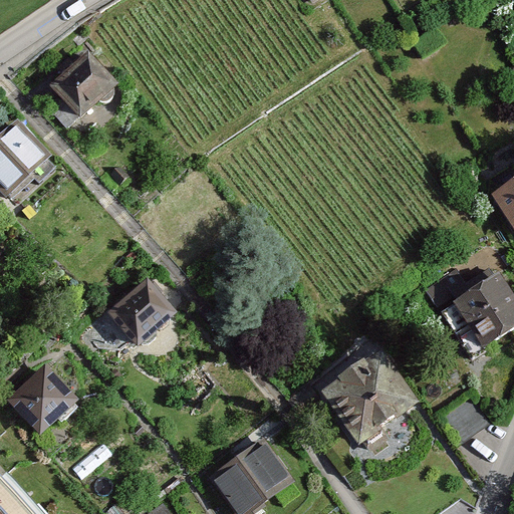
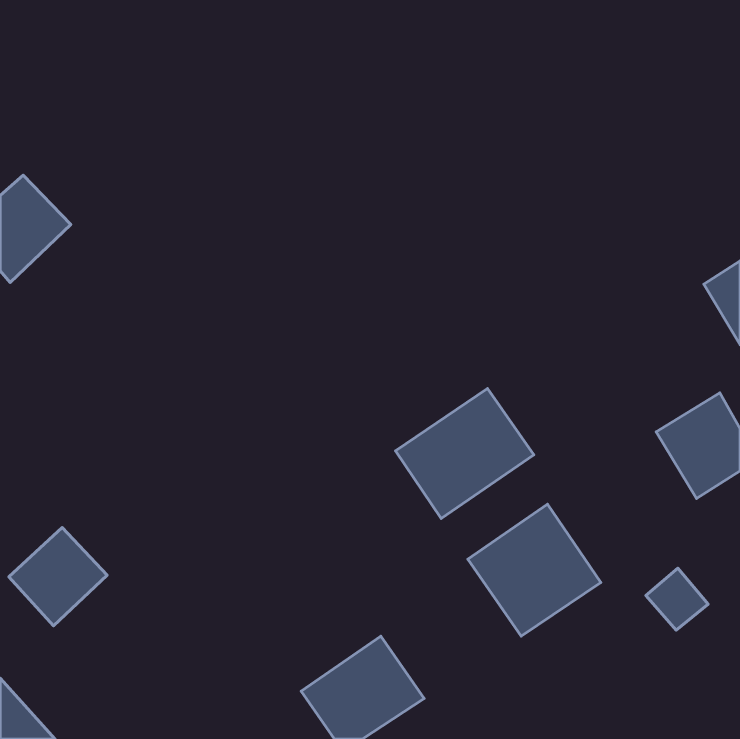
building: [49,49,114,113] -> none
building: none -> [395,389,534,519]
building: [108,280,173,344] -> none

